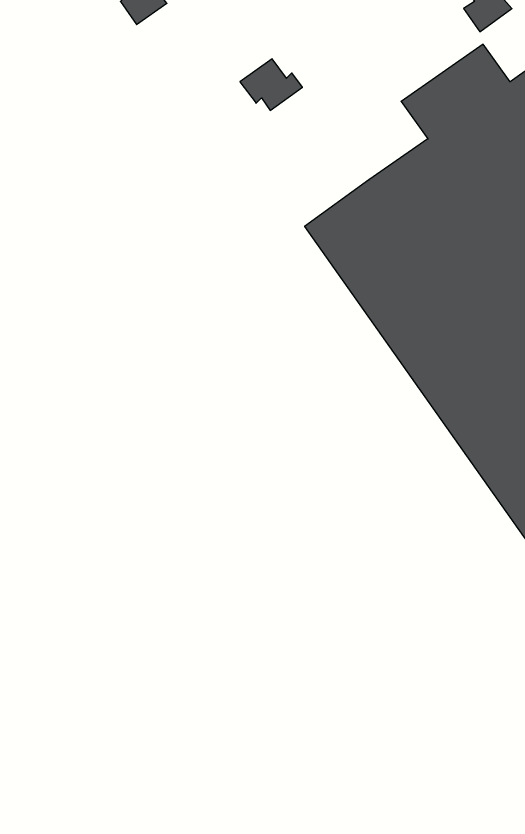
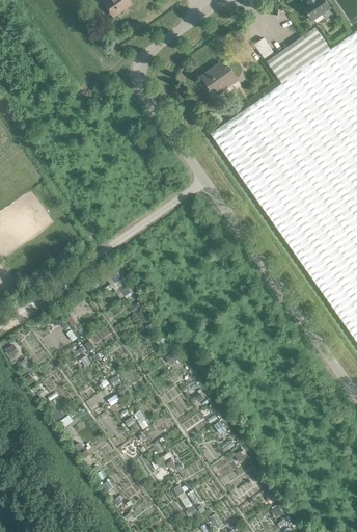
building: [240,59,302,110] -> [202,62,239,92]

